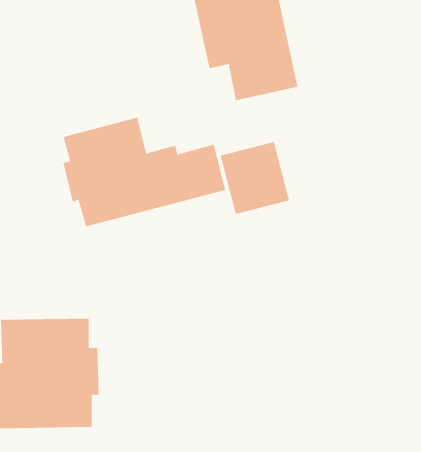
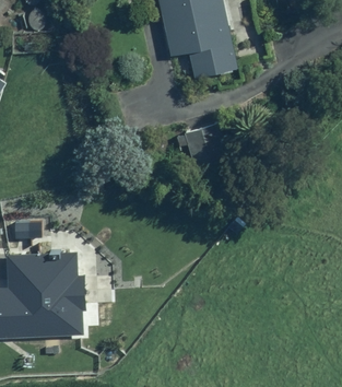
building: [63,117,226,227] -> none

